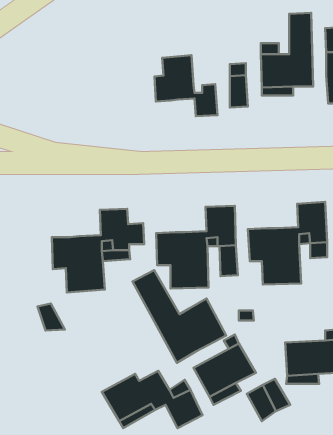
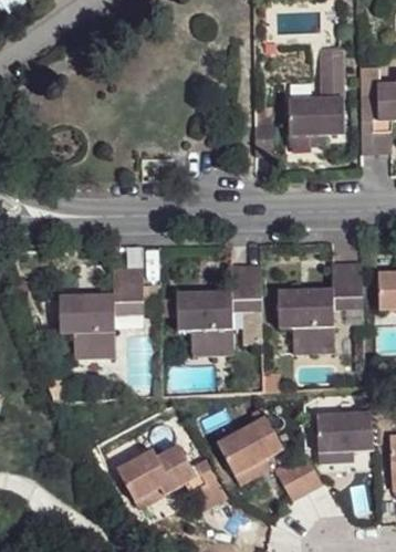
building: [154,55,217,116] -> none
building: [133,270,226,363] -> none

